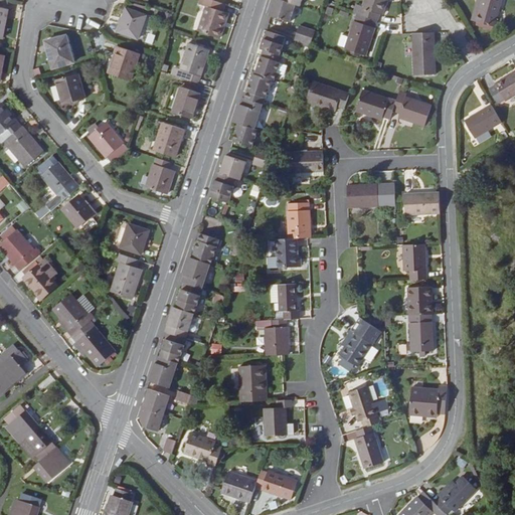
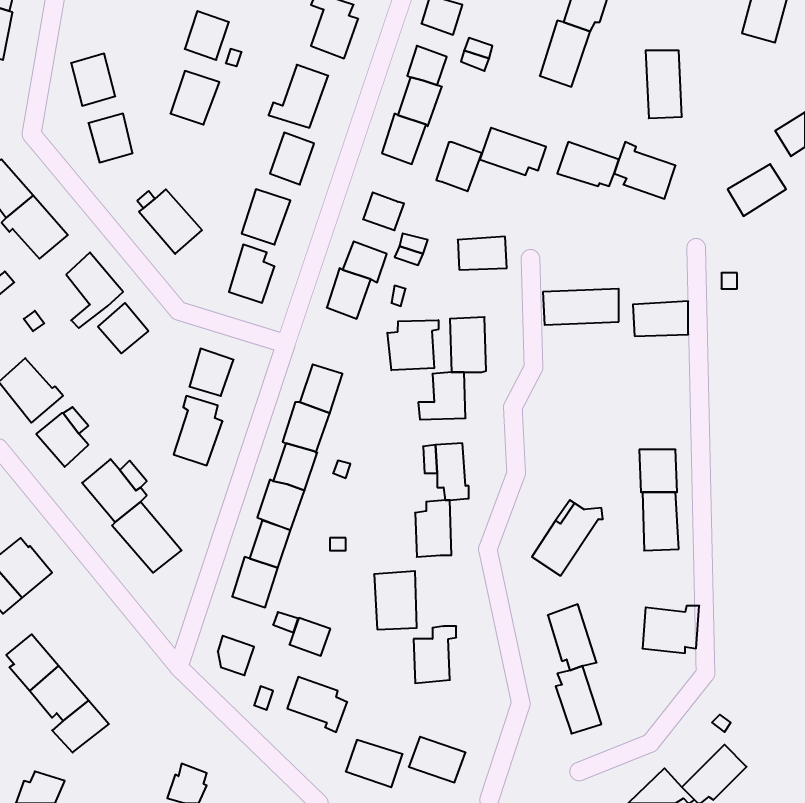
building: [233,98,263,129] -> [436,142,482,191]
building: none -> [387,320,438,370]
building: [402,243,425,280] -> none
building: [142,388,168,412] -> [289,618,330,656]

